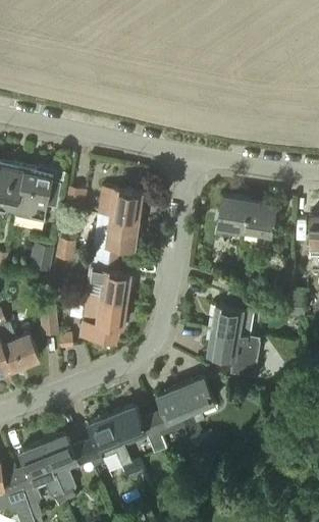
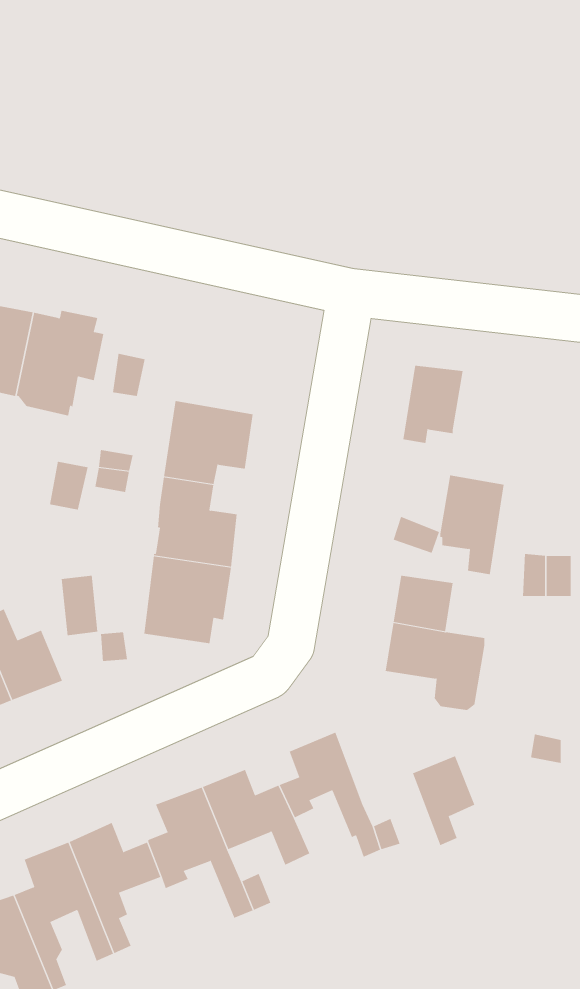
building: [98,188,143,222] -> none
building: [243,200,276,252] -> [440,475,504,575]
building: [181,378,214,425] -> [412,756,475,846]

